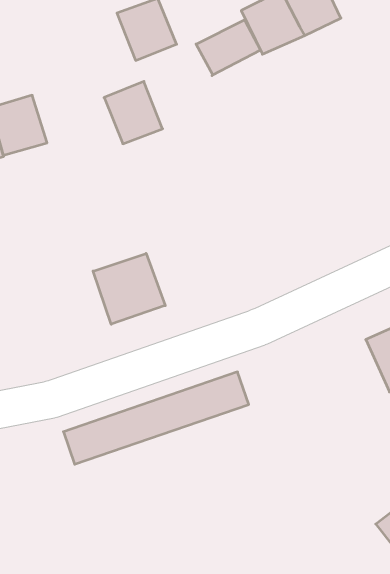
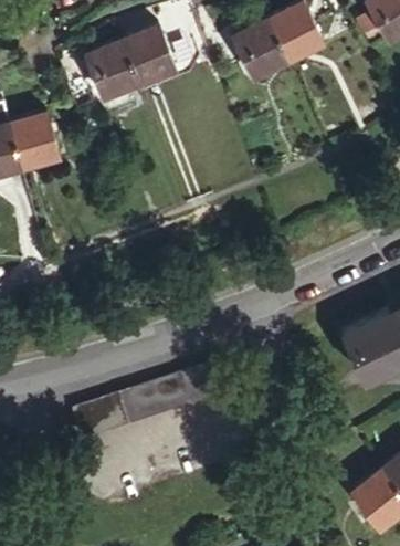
building: [196,20,260,76] -> none
building: [104,81,163,144] -> [85,41,137,96]
building: [93,253,165,324] -> none

